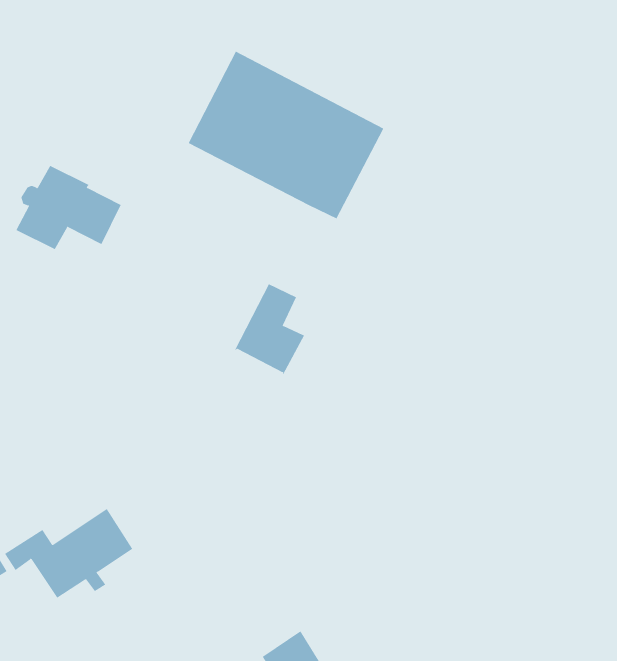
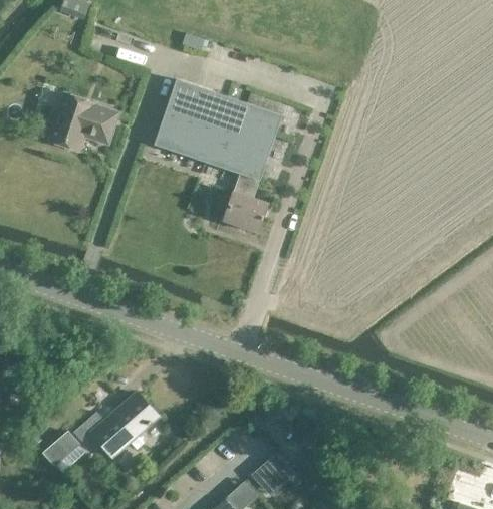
building: [15,165,122,250] -> [48,94,115,150]
building: [234,284,305,375] -> [222,174,267,232]

